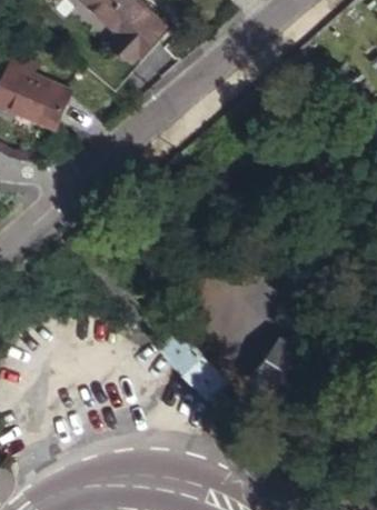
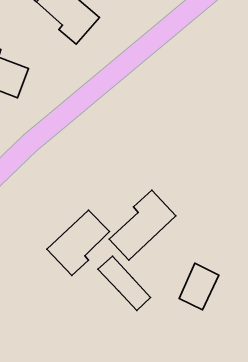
building: none -> [109,190,176,260]
building: none -> [47,210,110,275]

